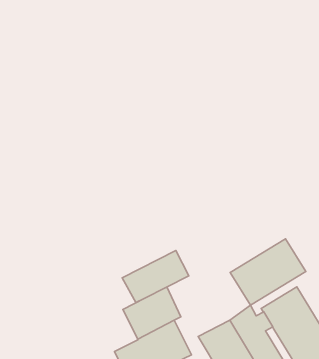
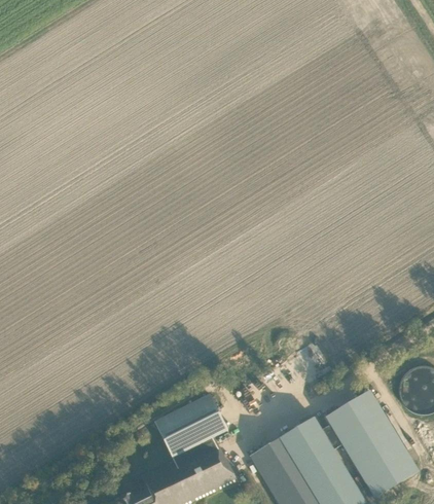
building: [230,239,306,305] -> none
building: [122,251,189,302] -> none

